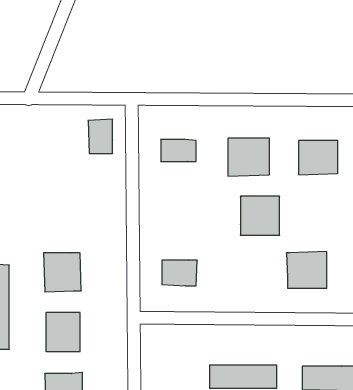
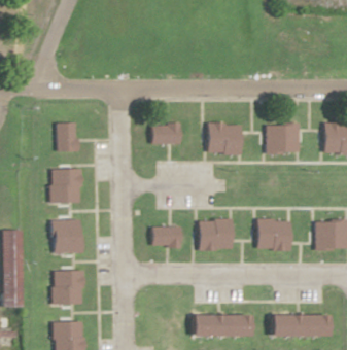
building: [88,119,113,153] -> [57,122,77,151]
building: none -> [51,169,82,205]
building: [240,196,280,235] -> [199,218,232,251]

